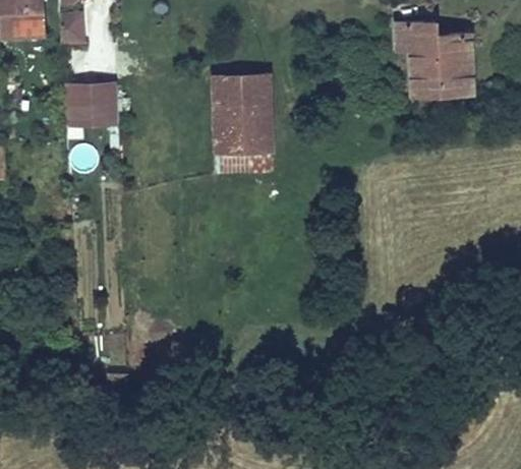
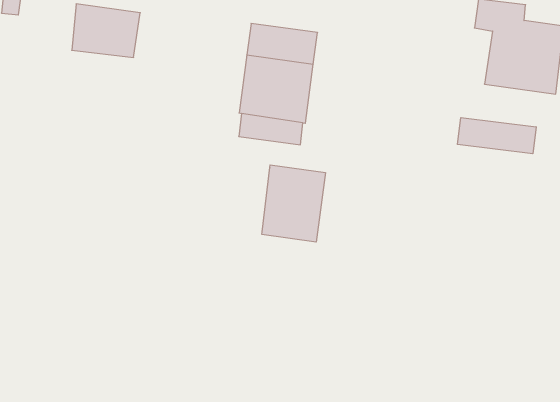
building: none -> [457,118,536,154]
building: none -> [262,165,325,242]

